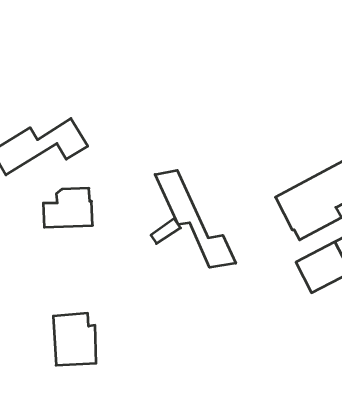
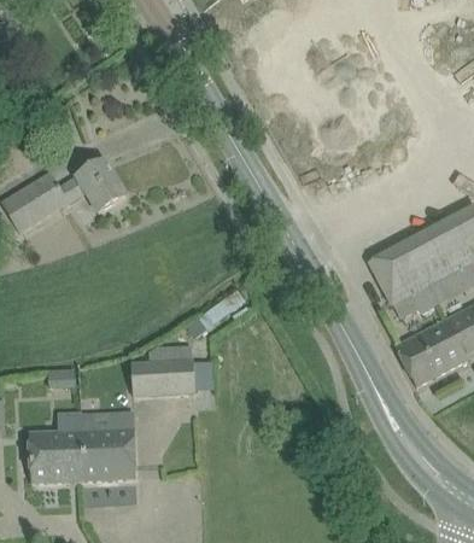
building: [155,170,236,267] -> none
building: [43,188,93,227] -> [131,344,195,395]
building: none -> [31,416,84,483]

